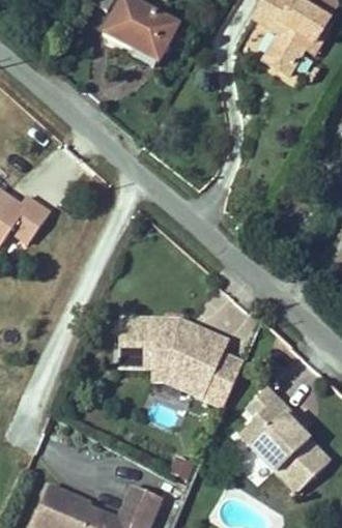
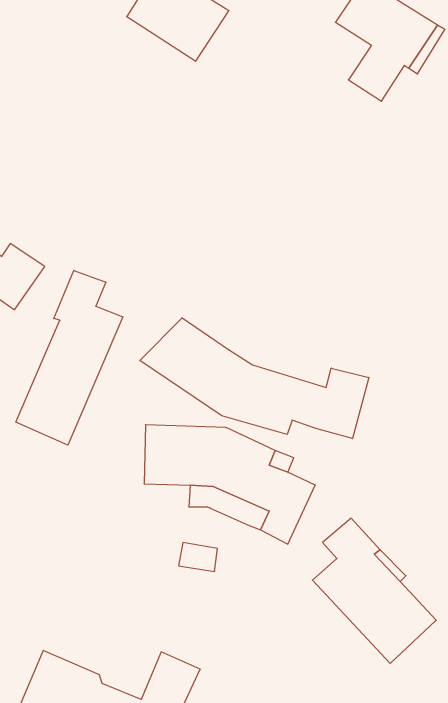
building: none -> [16,270,123,445]
building: none -> [140,318,369,439]

